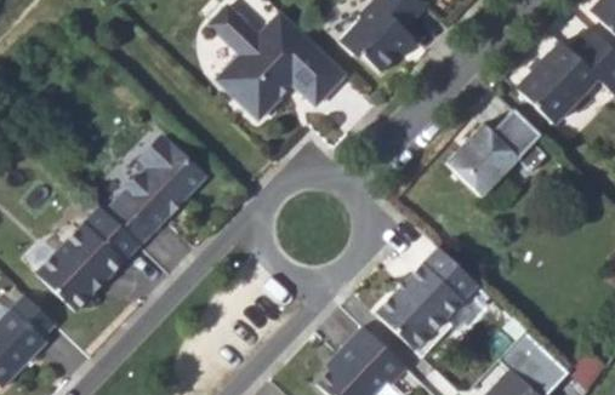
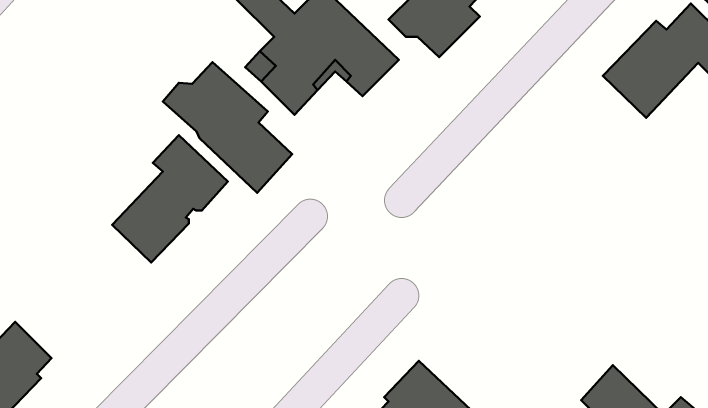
building: none -> [163,62,292,193]
building: [446,109,541,196] -> none
building: [38,206,139,311] -> none
building: [376,247,478,356] -> none

